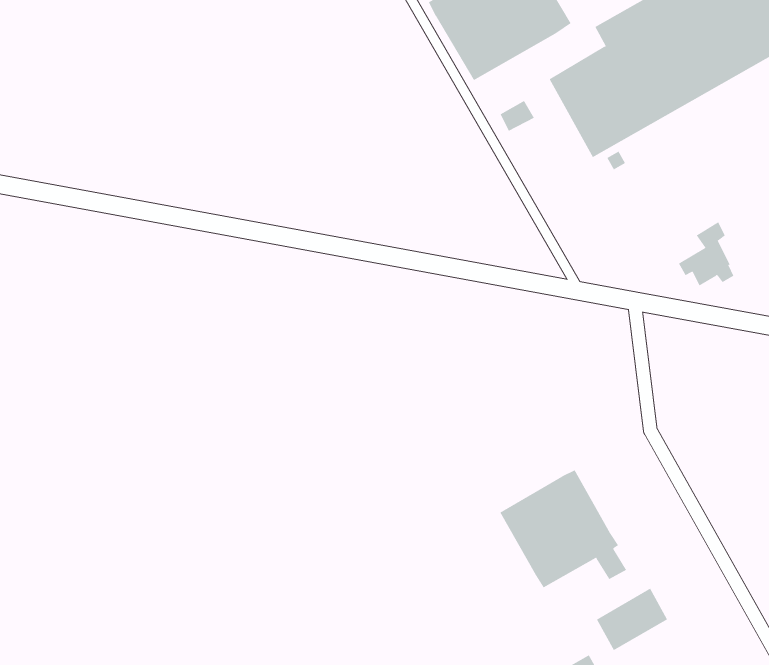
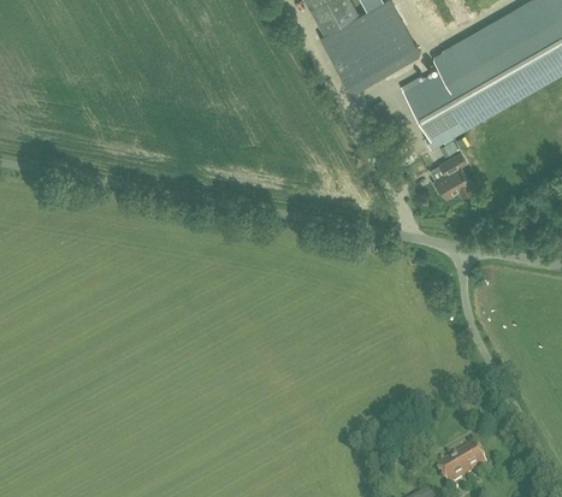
building: [678,221,734,286] -> [432,153,471,197]
building: [499,470,627,588] -> none

